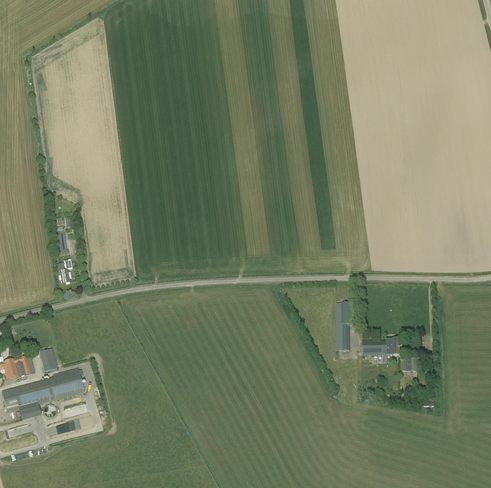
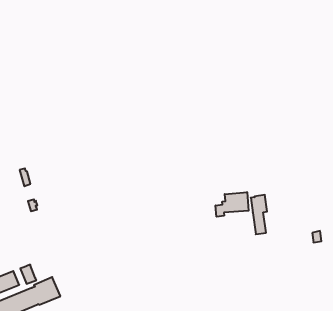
building: none -> [216,192,249,217]
building: [362,339,399,361] -> none

